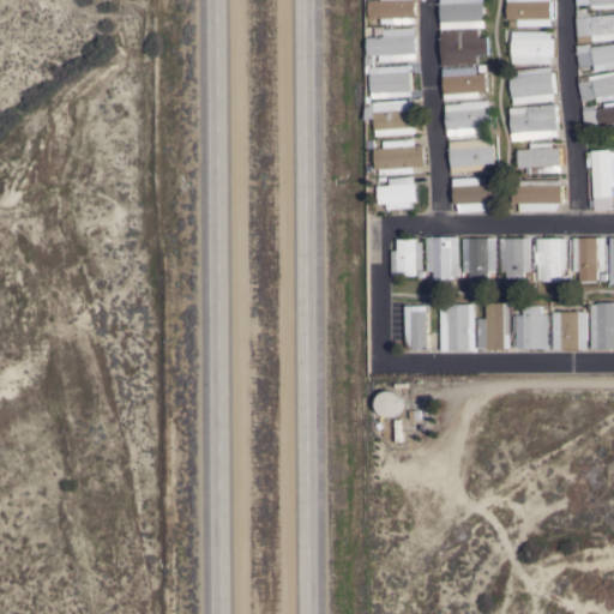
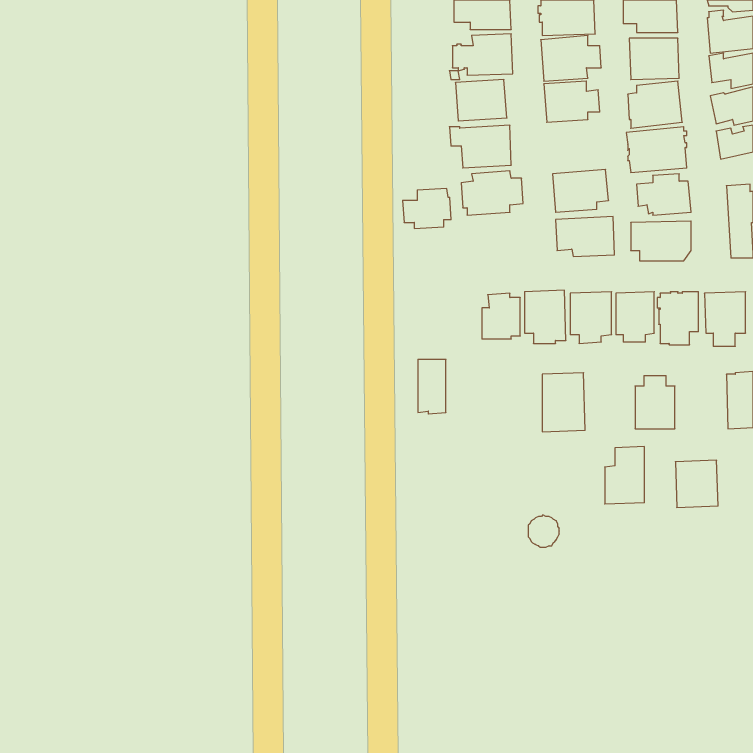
building: [445,102,492,136] -> none
building: [378,176,417,209] -> [403,189,451,228]
building: [478,302,511,349] -> [605,447,644,504]
building: [405,306,428,350] -> [418,359,446,414]
building: [553,311,588,349] -> [675,460,718,507]
building: [378,391,403,417] -> [528,515,559,547]

